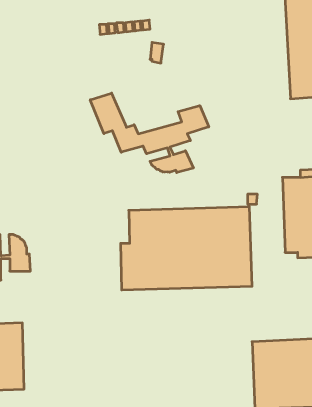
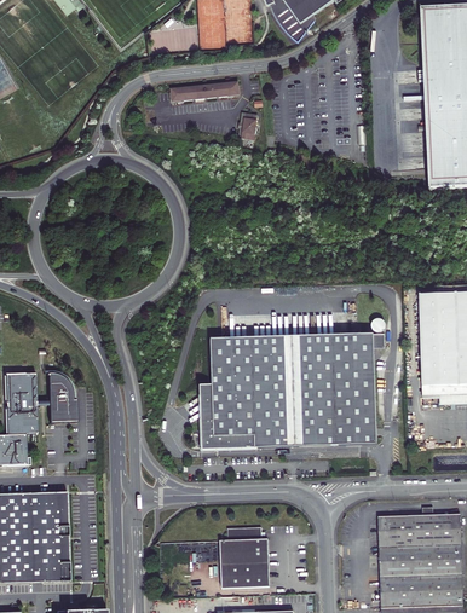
building: [90,93,209,173] -> none
building: none -> [220,526,270,588]

